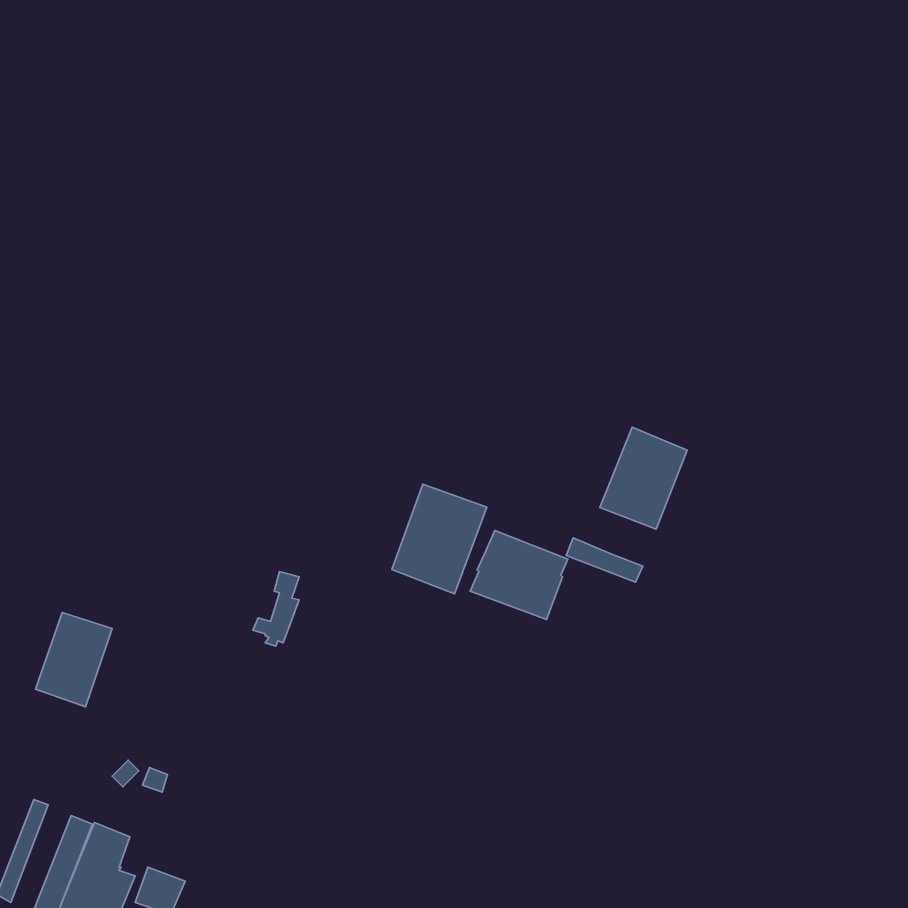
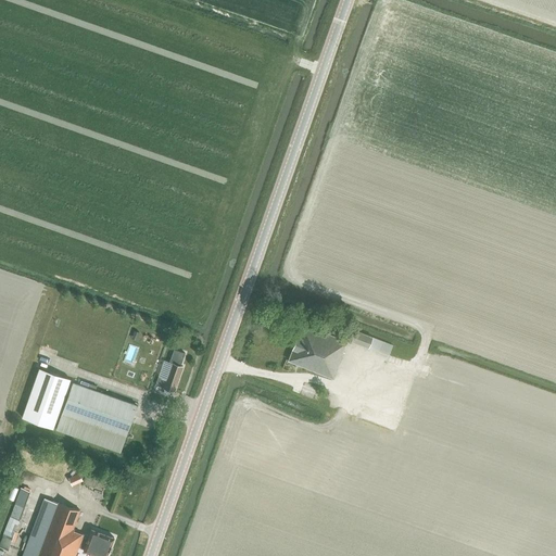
building: [600,427,687,529] -> none
building: [392,484,487,594] -> none
building: none -> [55,383,136,453]

